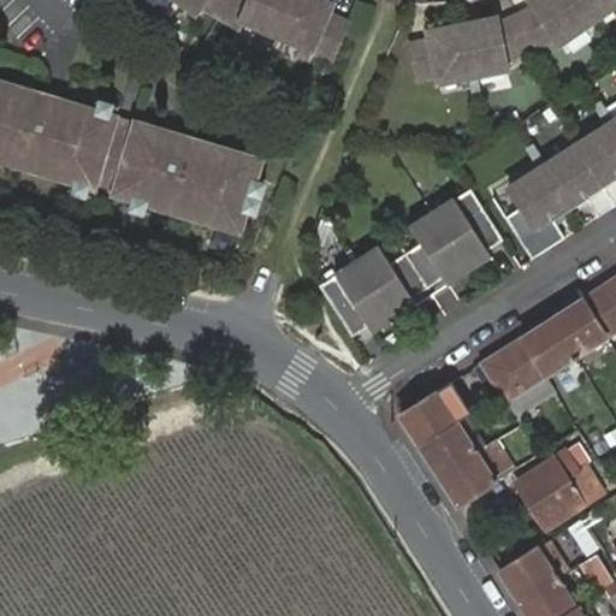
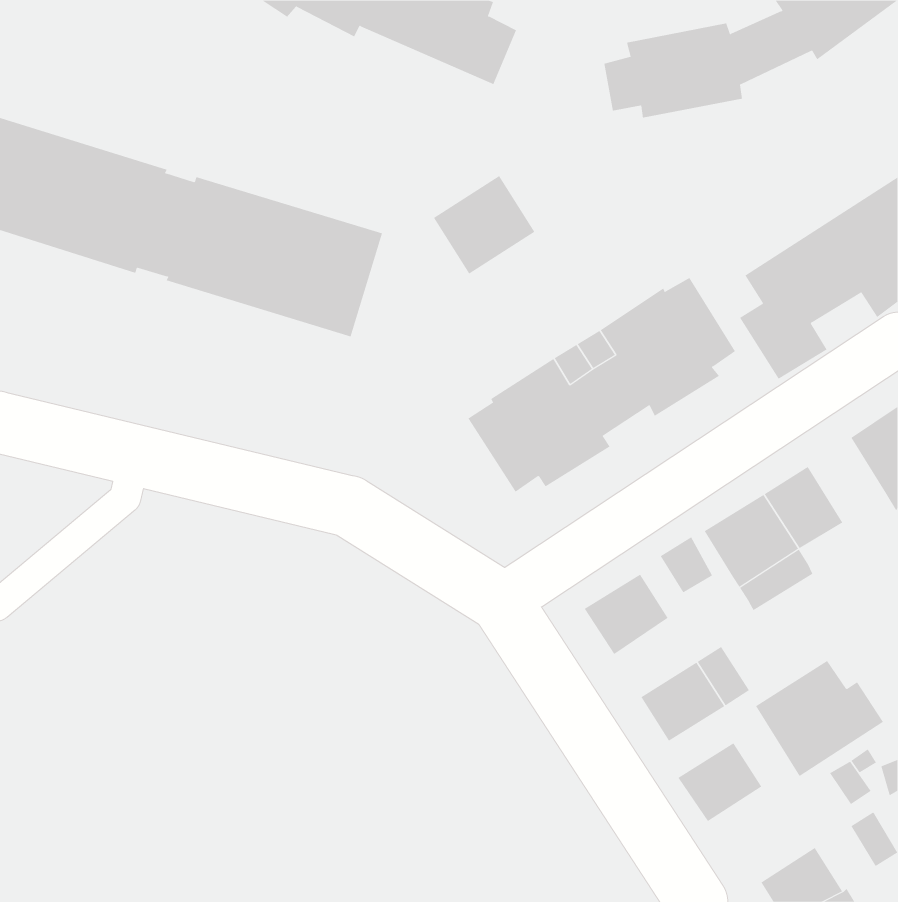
building: none -> [433,175,535,275]
building: [551,298,604,356] -> none
building: [419,421,475,475] -> none
building: [498,547,556,602] -> [677,742,762,822]

